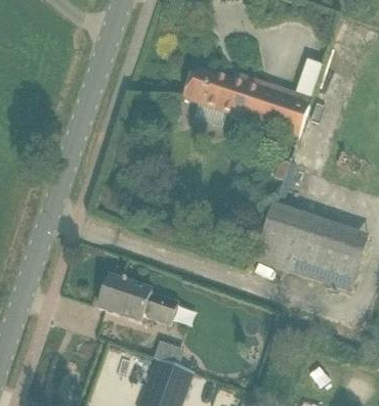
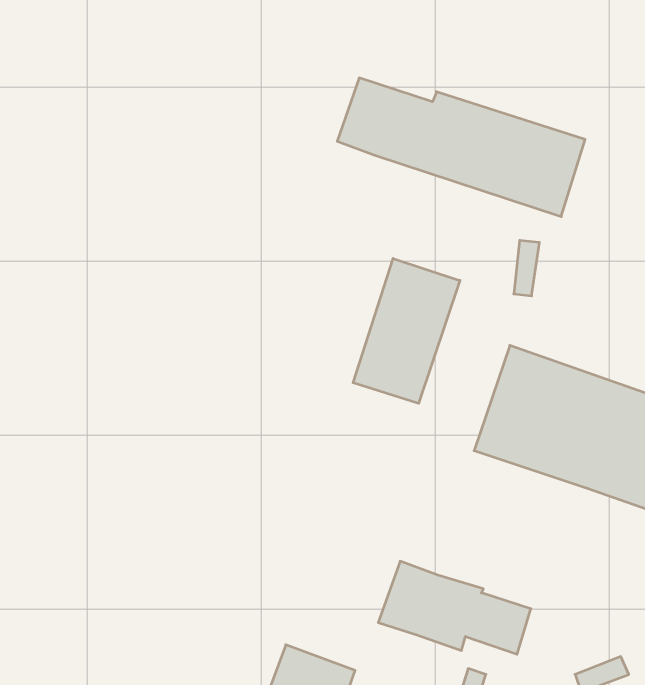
building: none -> [353,258,460,403]
building: [99,274,178,322] -> [378,561,531,654]

